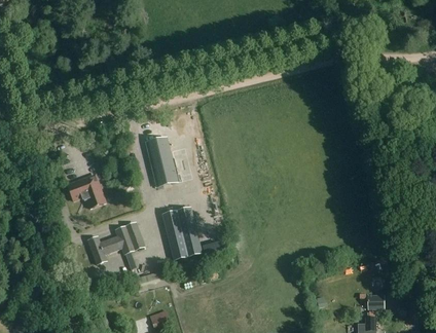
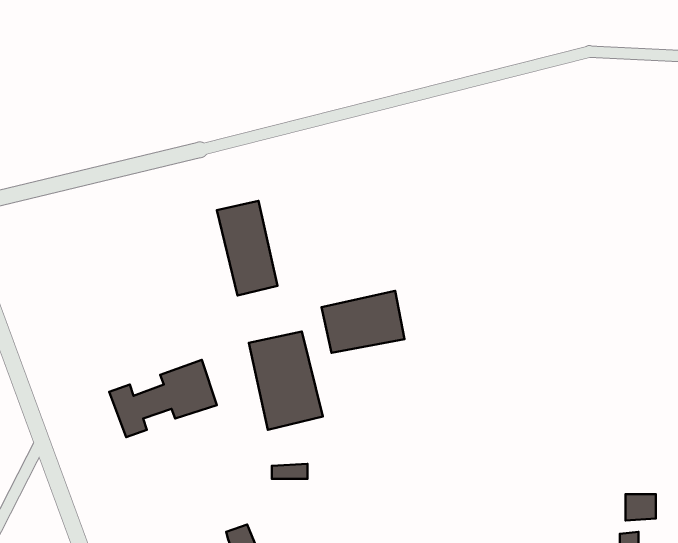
building: [67,174,105,208] -> none
building: none -> [321,291,405,353]

